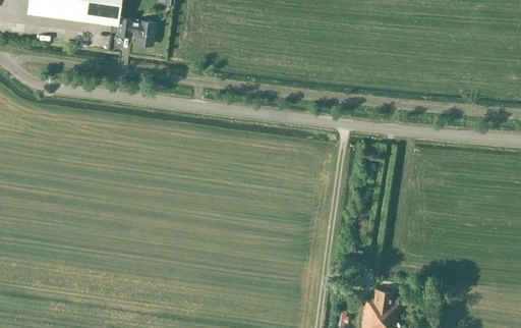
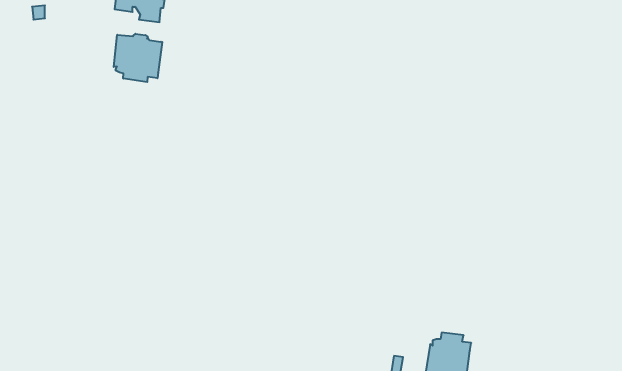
building: none -> [114,34,162,82]

